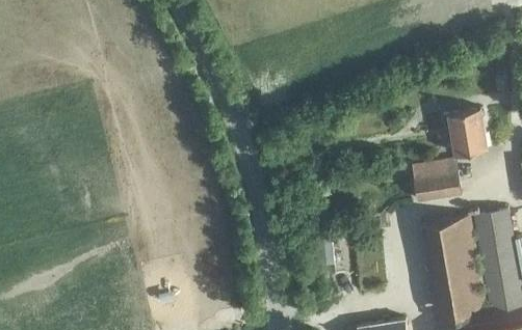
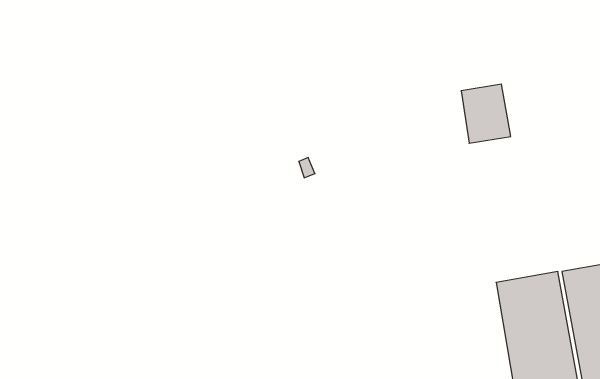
building: [448,111,487,157] -> [461,84,511,143]
building: [413,162,462,202] -> none

